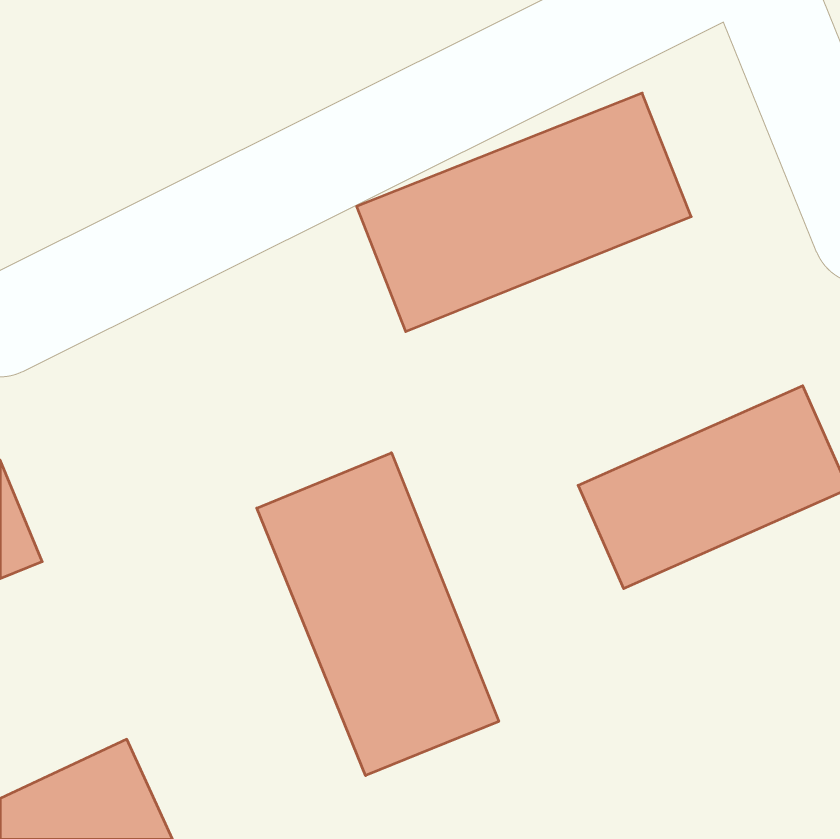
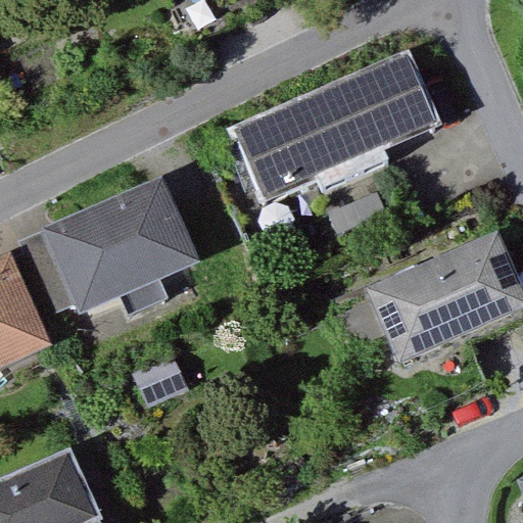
building: none -> [47,187,193,310]
building: [257,453,499,776] -> none

